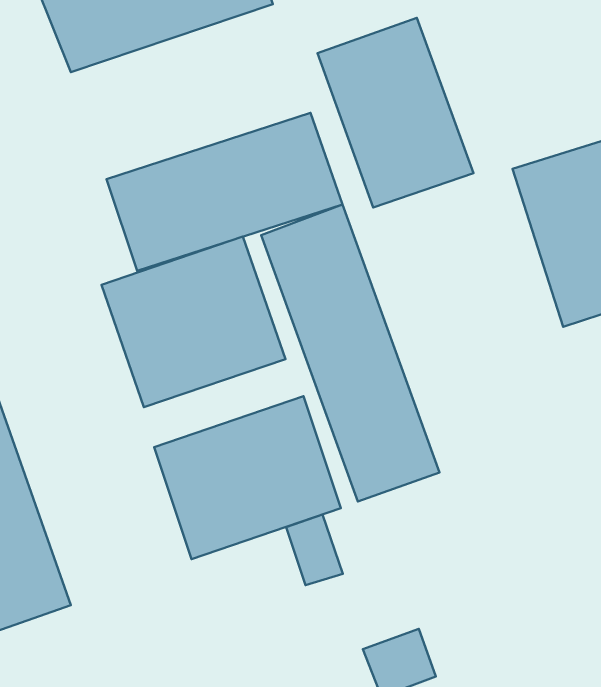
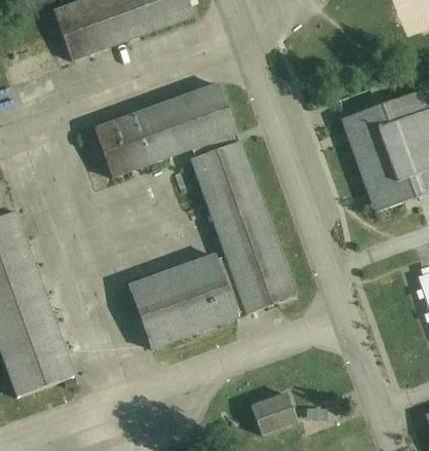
building: [317,18,473,208] -> none
building: [101,237,285,407] -> none
building: [286,515,343,585] -> none

